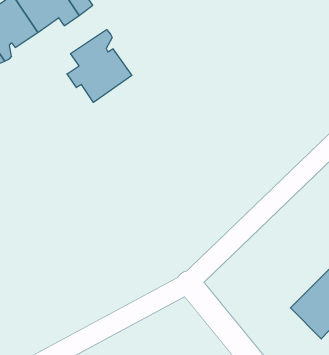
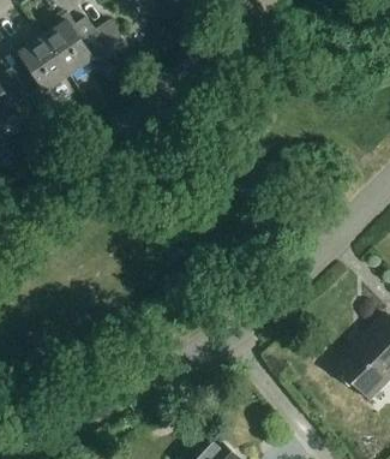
building: [67,30,132,102] -> none

